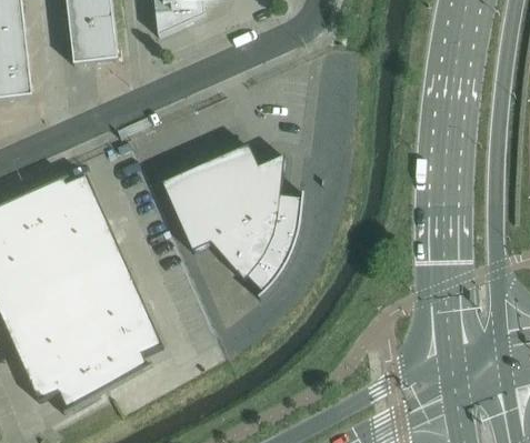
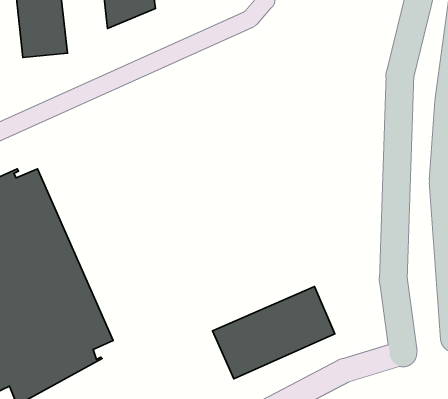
building: [161,142,303,295] -> none
building: none -> [212,286,335,379]

